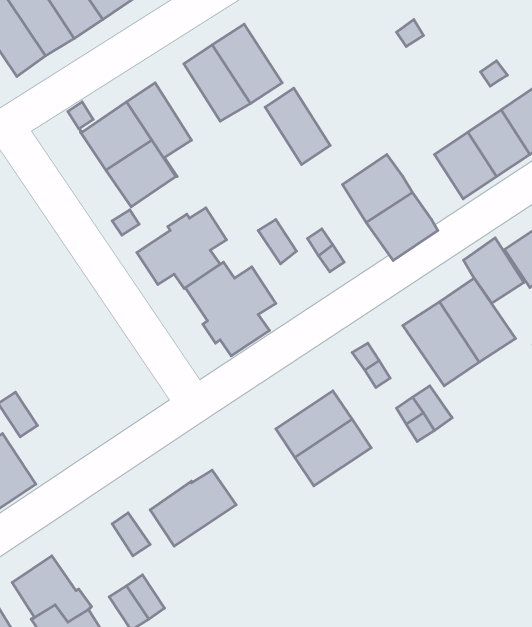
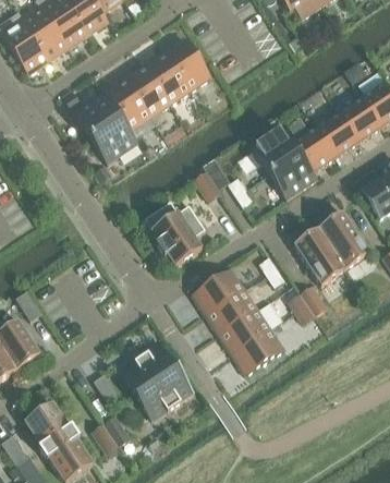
building: [265,88,330,164] -> [123,64,168,117]
building: [137,208,227,288] -> none
building: [463,238,524,303] -> [293,126,334,171]
building: none -> [192,268,245,315]
building: none -> [232,328,285,375]
building: none -> [136,367,195,420]

